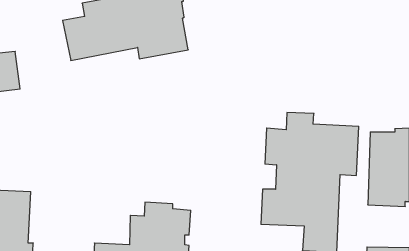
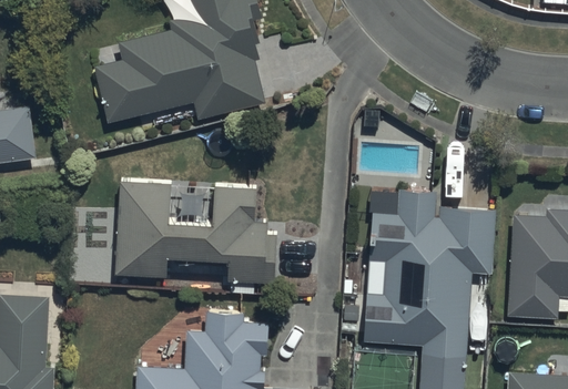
building: none -> [114,184,276,286]

